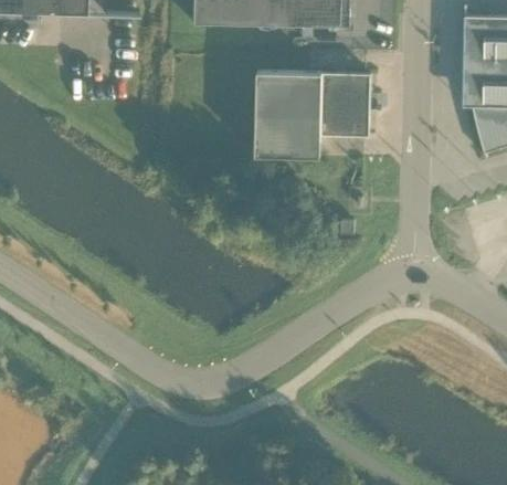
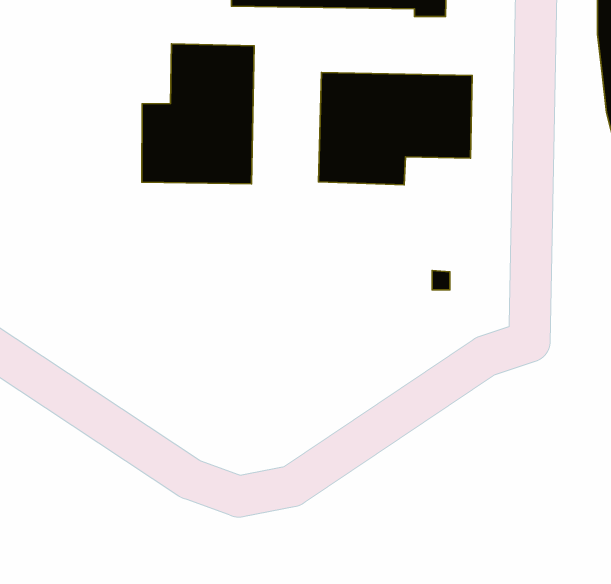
building: none -> [142,44,254,184]

